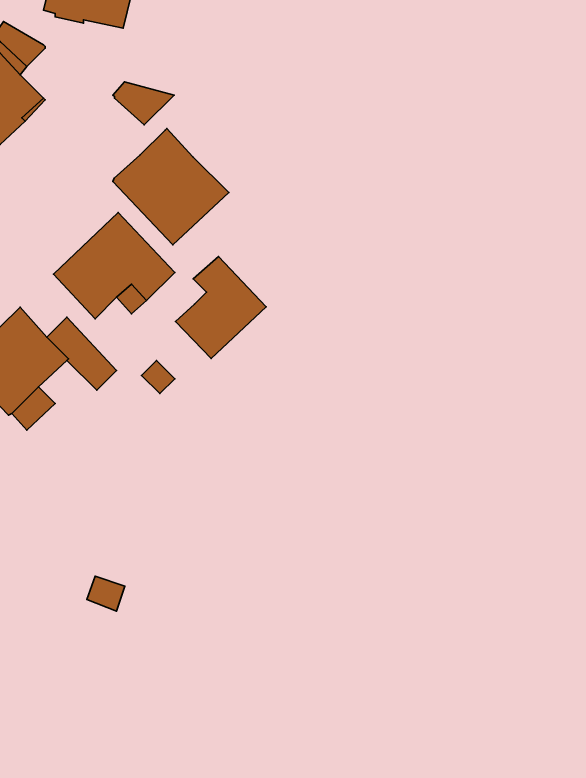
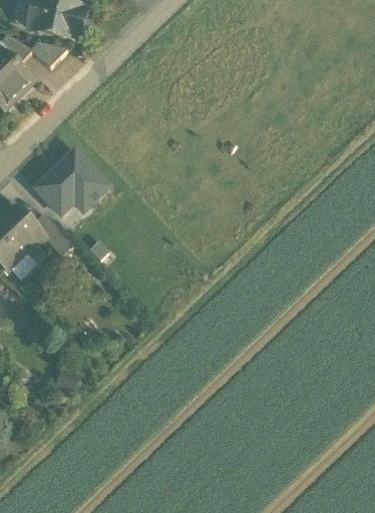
building: [113,82,174,125] -> [29,40,66,66]
building: [113,129,229,245] -> none
building: [175,256,266,359] -> none

